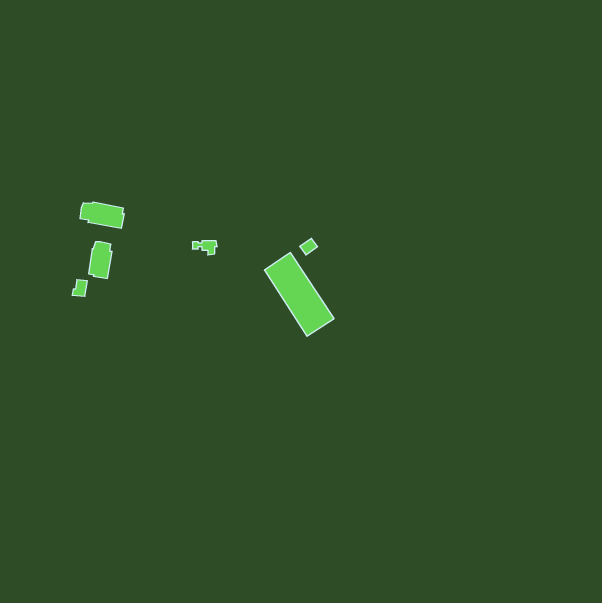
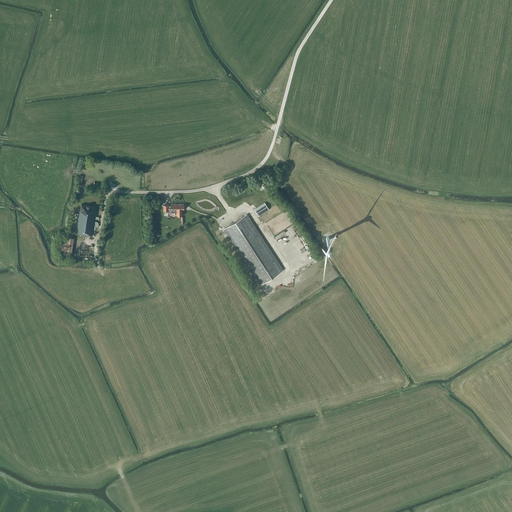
building: [80,202,124,228] -> none

